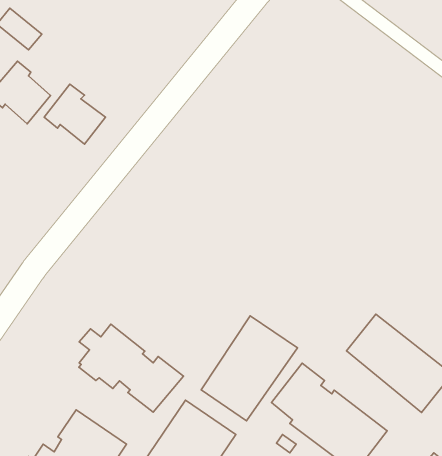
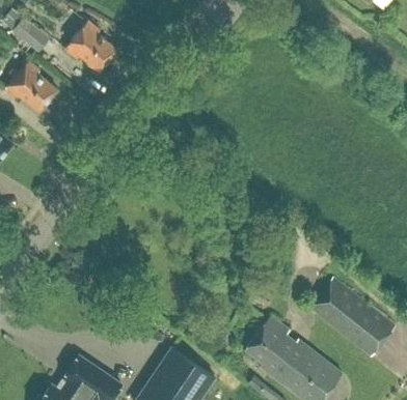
building: [44,84,106,144] -> [65,22,117,73]
building: [201,316,297,421] -> none
building: [79,324,183,412] -> none

